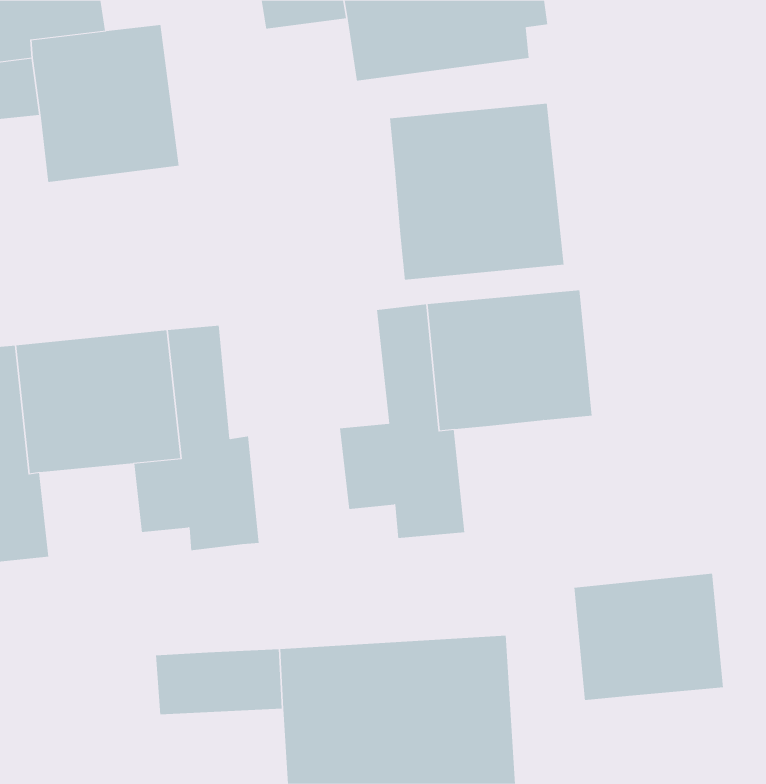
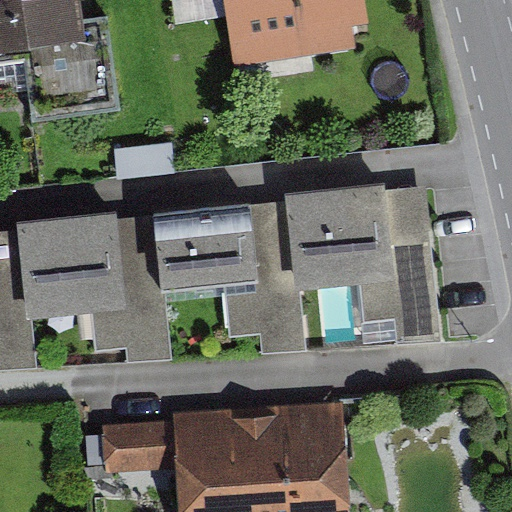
building: [389,103,564,281] -> none
building: none -> [354,184,439,343]
building: none -> [143,202,253,286]
building: [574,573,724,701] -> none

